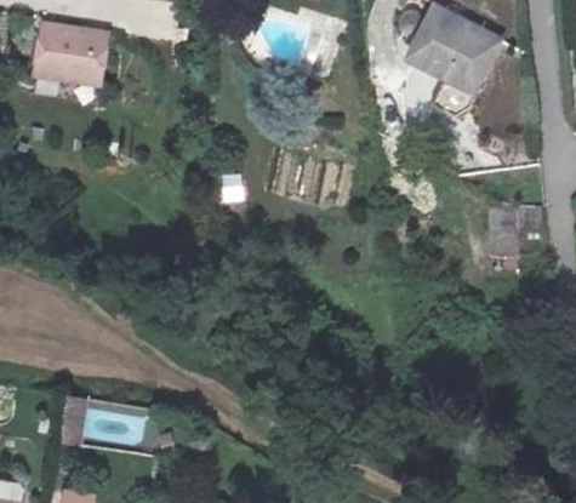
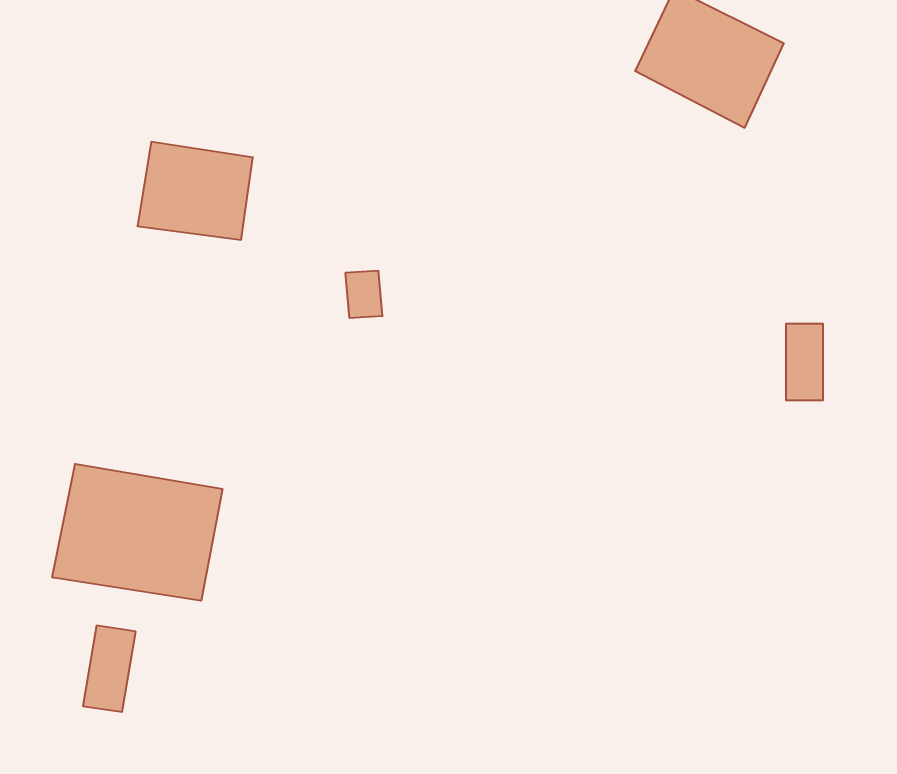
building: [42,28,114,88] -> [137,142,253,240]
building: none -> [52,464,222,601]

